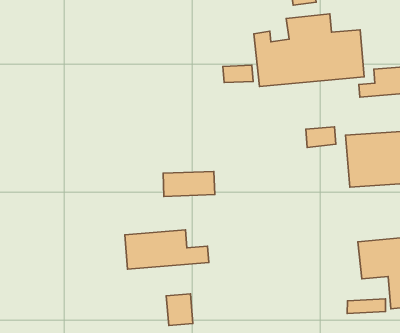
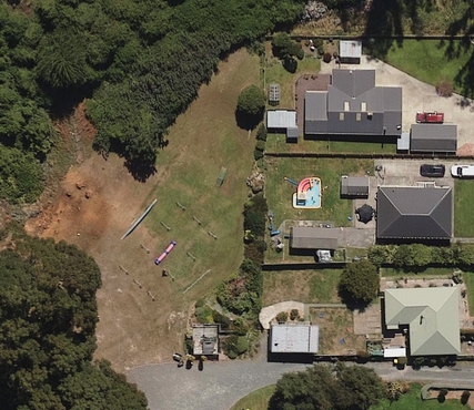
building: [163,171,215,196] -> [285,226,335,250]
building: [125,230,209,269] -> none
building: none -> [271,327,315,352]

